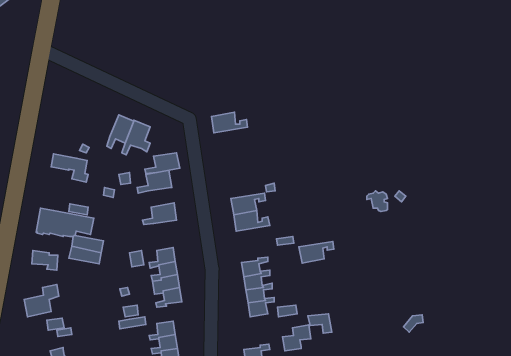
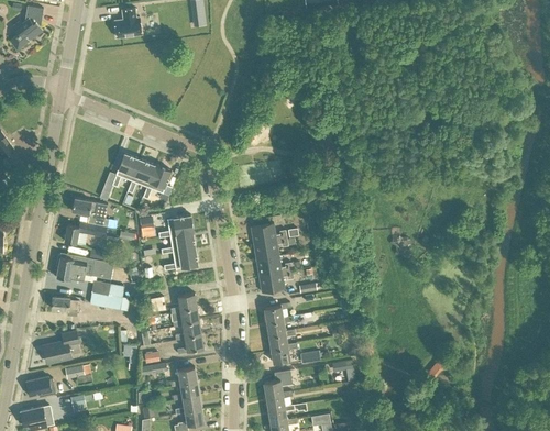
building: none -> [111,153,139,186]
building: [212,112,247,133] -> [250,222,286,243]
building: [145,153,180,174] -> [160,232,195,253]
building: none -> [63,222,106,244]
building: [299,241,334,263] -> [257,270,293,292]
building: [283,325,311,351] -> [263,369,292,396]
building: none -> [24,376,55,396]

